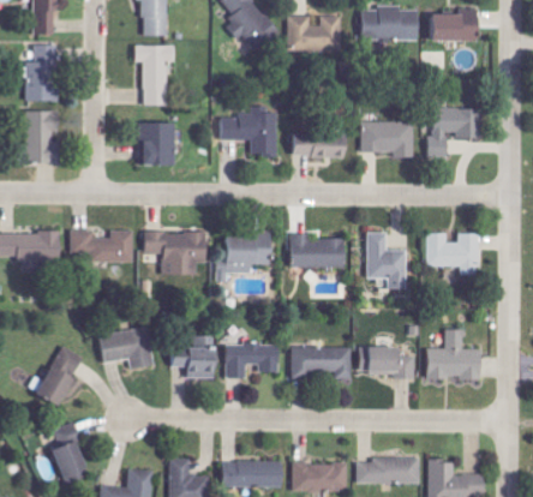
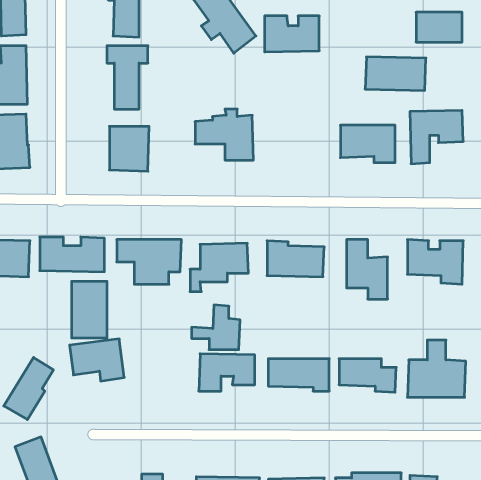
building: [360,7,419,40] -> [365,57,426,90]
building: [292,133,348,157] -> none
building: none -> [72,281,107,338]
building: [169,335,216,378] -> [192,305,240,350]

